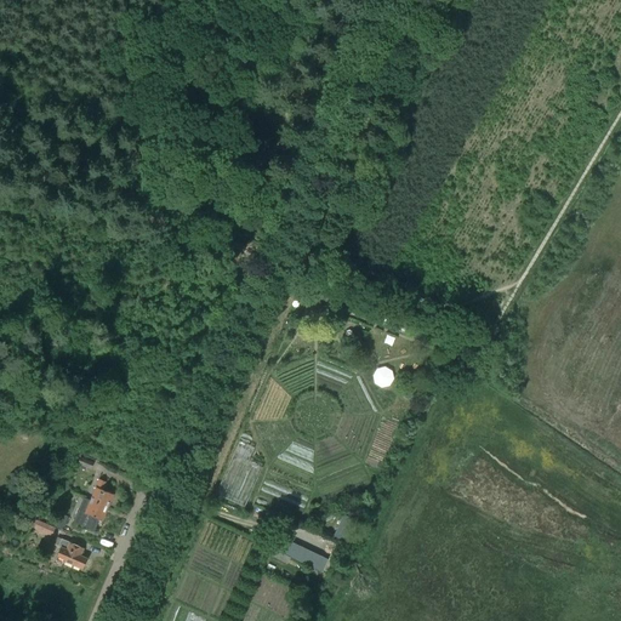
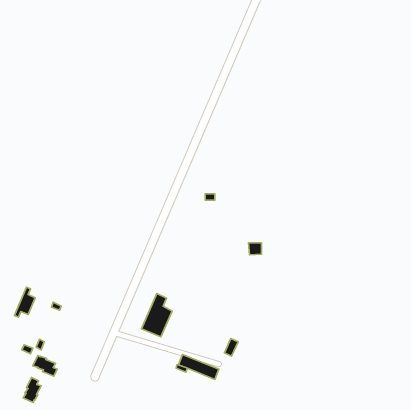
building: [81,478,113,523] -> [14,287,35,317]
building: none -> [23,377,41,402]

